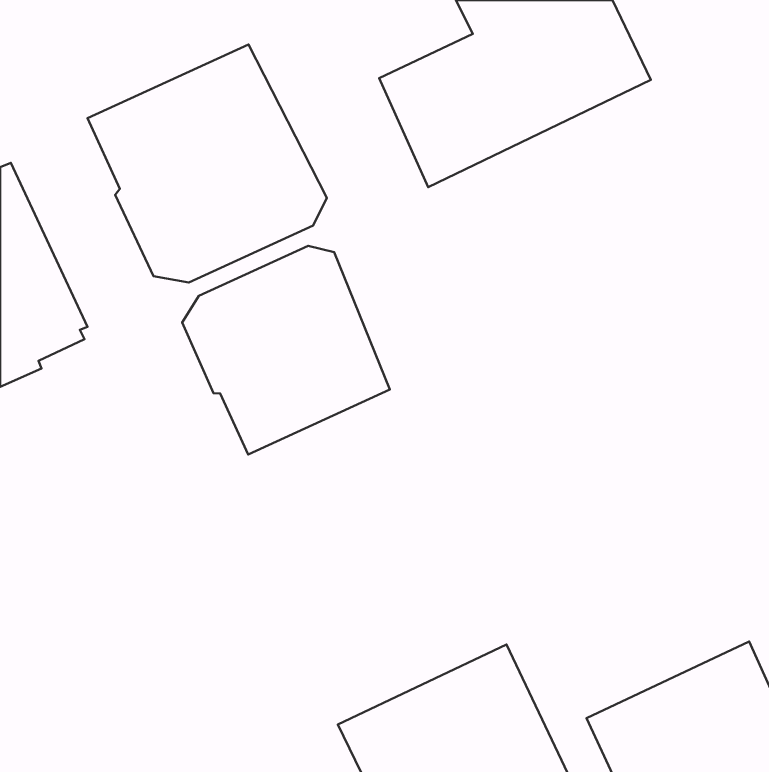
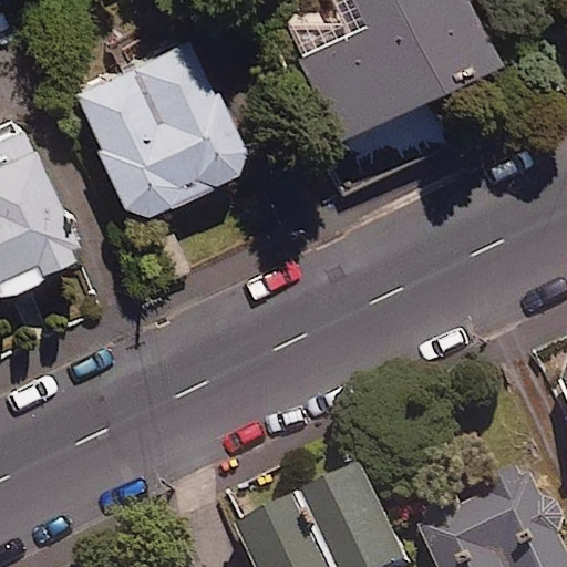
building: [182,246,390,454] -> none

